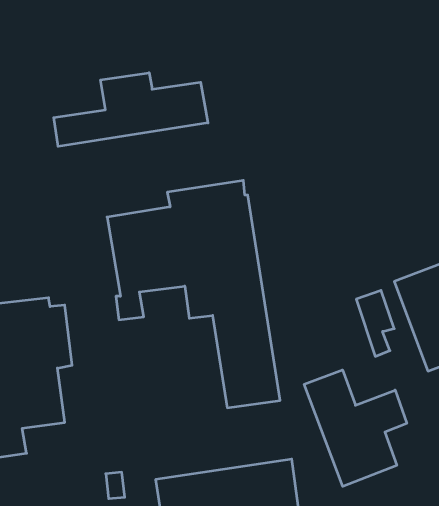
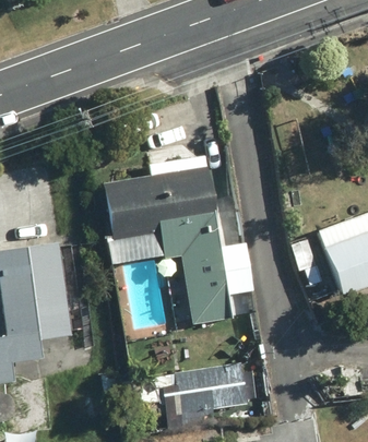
building: [54,73,208,146] -> none
building: [304,370,407,486] -> none

